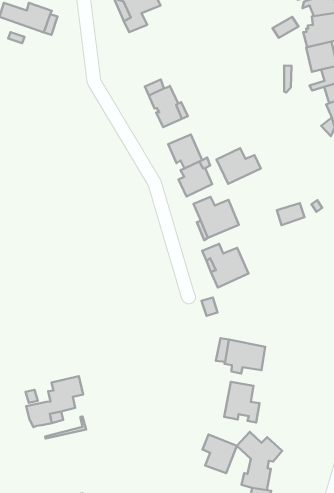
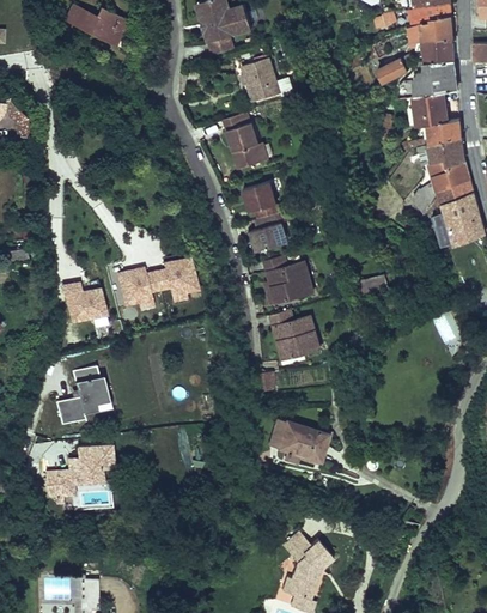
building: none -> [241,57,280,102]
building: [217,148,261,184] -> none
building: none -> [116,256,200,312]
building: none -> [60,281,108,326]
building: none -> [71,366,103,419]
building: [224,382,259,422] -> none
building: [203,435,237,473] -> none

